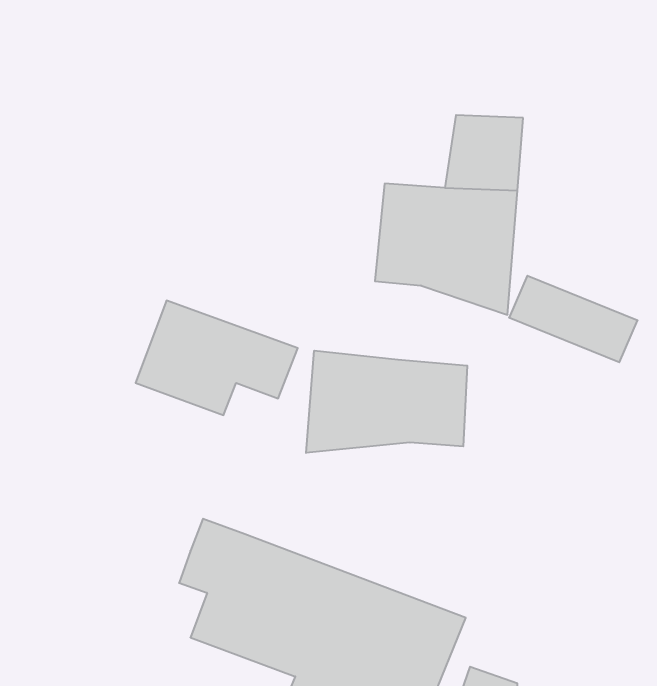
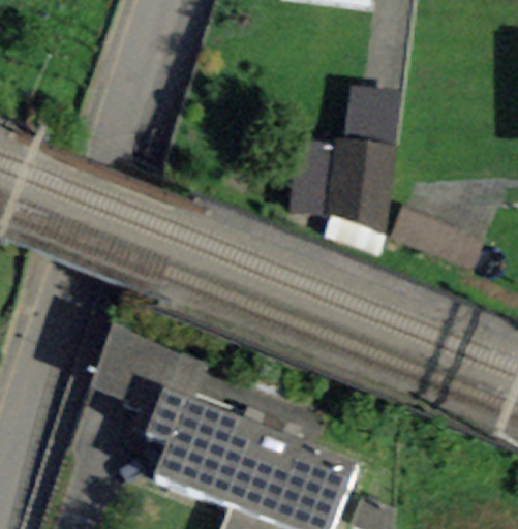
building: [136,301,298,415] -> [88,328,208,412]
building: [306,351,467,453] -> none

